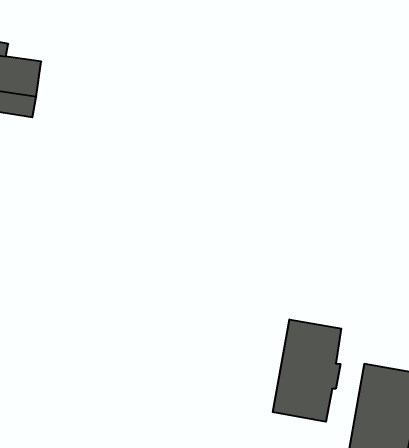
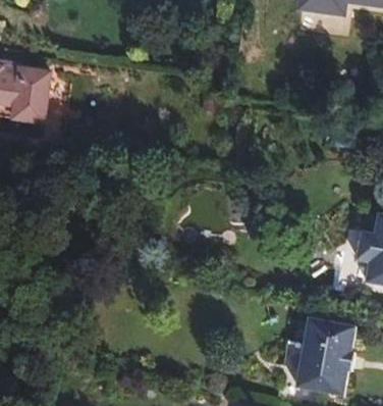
building: [273,319,341,422] -> none

